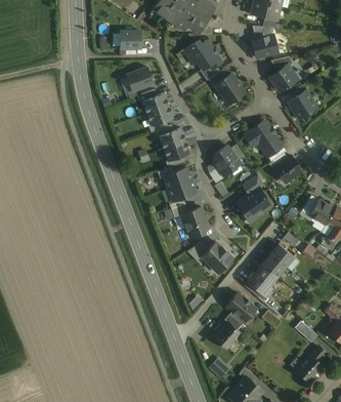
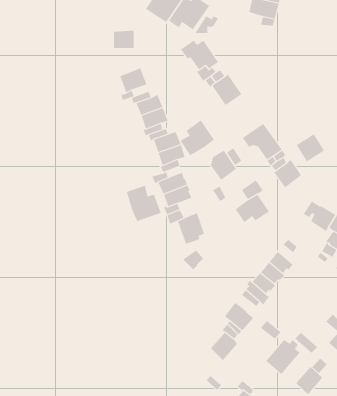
building: [252,35,279,57] -> none
building: [269,64,298,91] -> none
building: [289,90,316,118] -> [296,133,325,162]
building: none -> [180,120,215,156]
building: none -> [126,185,162,223]
building: [202,242,232,273] -> none
building: none -> [265,339,301,375]

